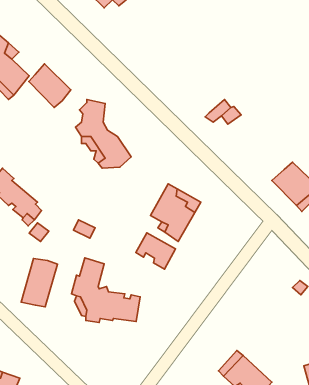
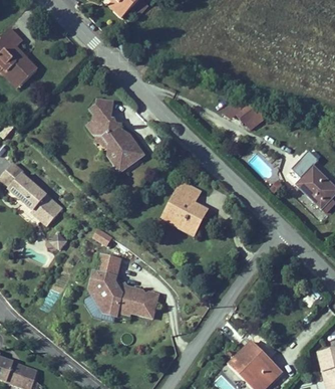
building: [29,64,71,108] -> none
building: [136,233,176,269] -> none
building: [21,259,58,307] -> none

